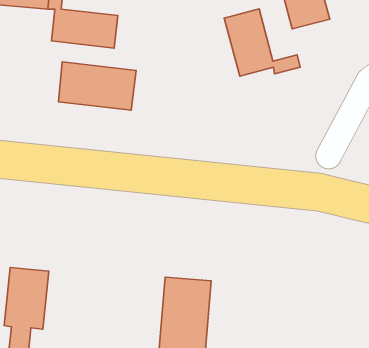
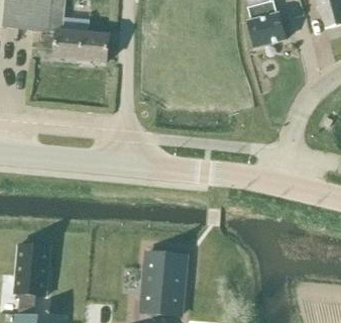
building: [224,9,300,76] -> none
building: [59,62,136,110] -> none

